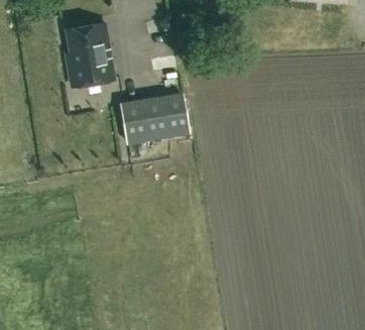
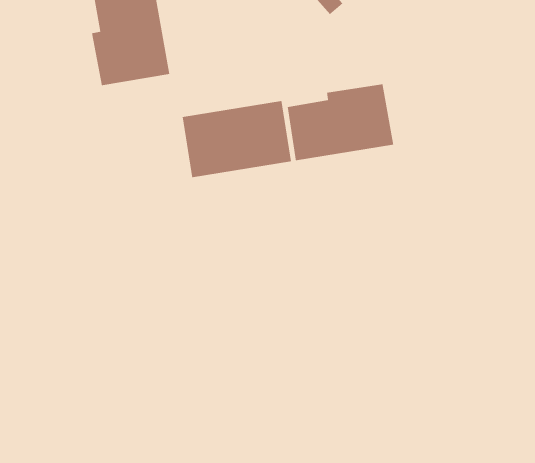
building: none -> [287,83,394,161]

